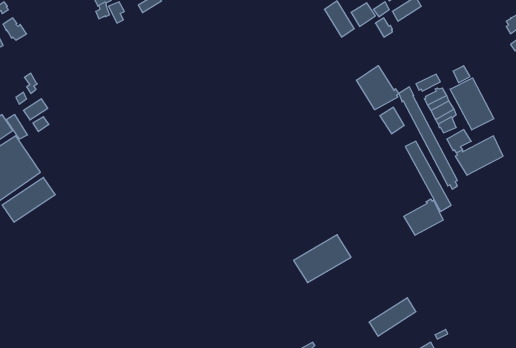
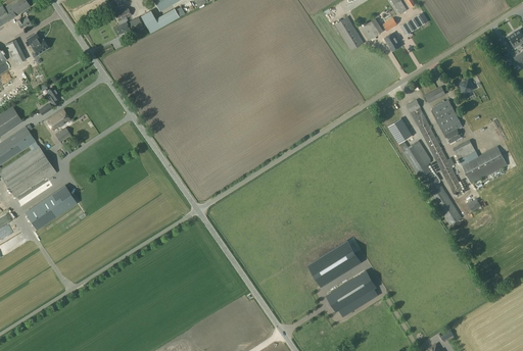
building: [356,66,399,110] -> none
building: [450,78,494,130] -> none
building: [404,199,443,235] -> none
building: [369,298,416,336] -> [329,272,374,309]

